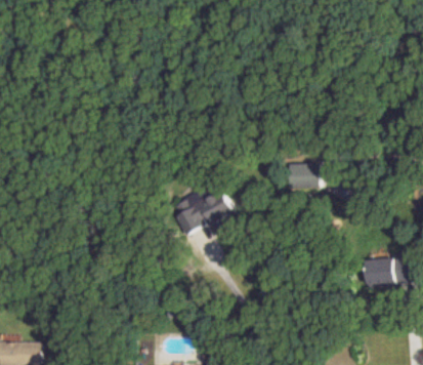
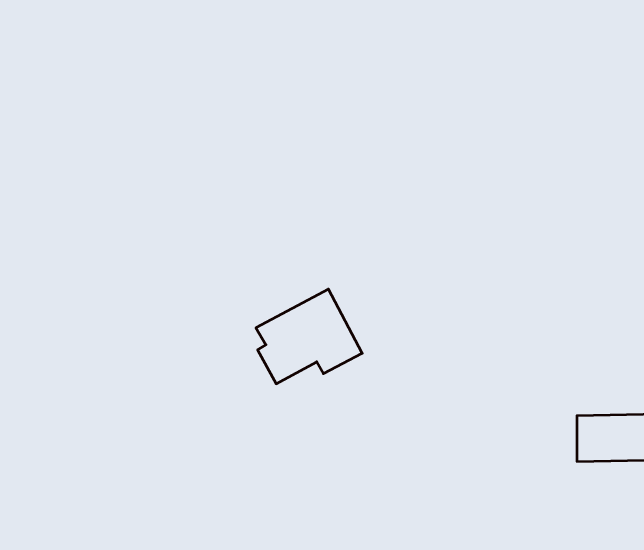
building: [286,165,316,190] -> none

